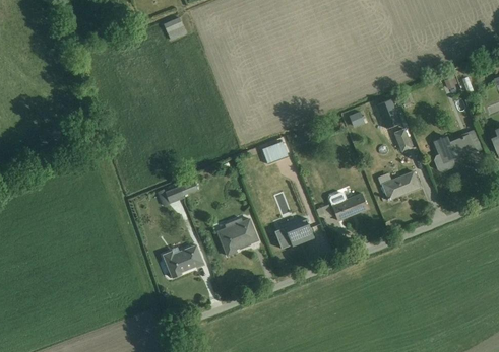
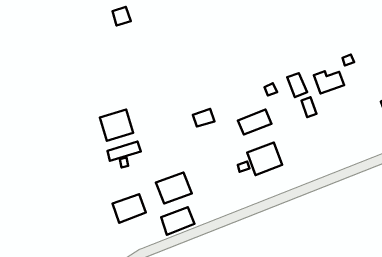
building: [435,136,472,163] -> [314,71,344,94]
building: none -> [100,110,133,141]
building: [381,170,422,201] -> [238,110,271,135]
building: [275,219,316,253] -> [161,207,195,235]

